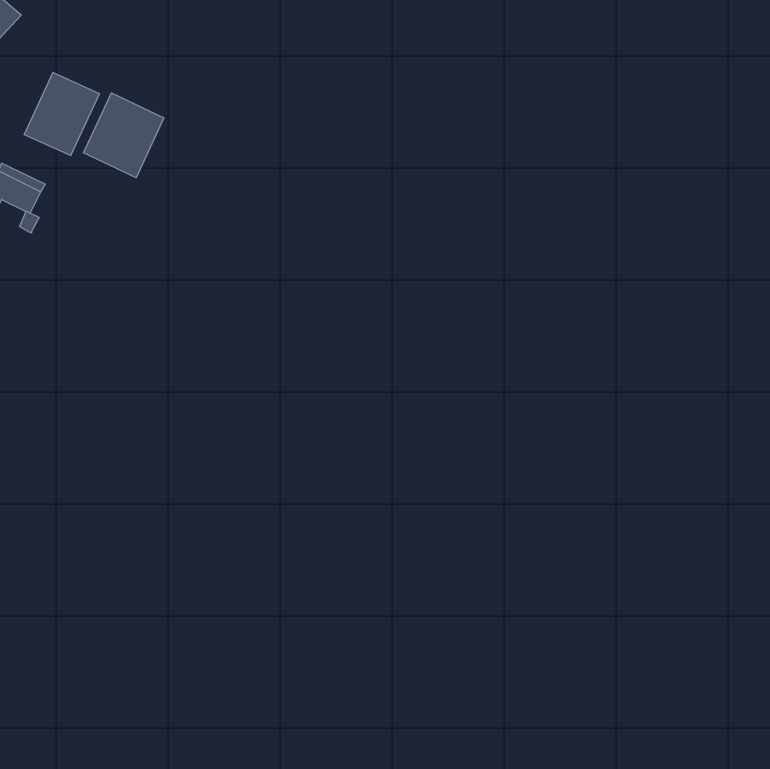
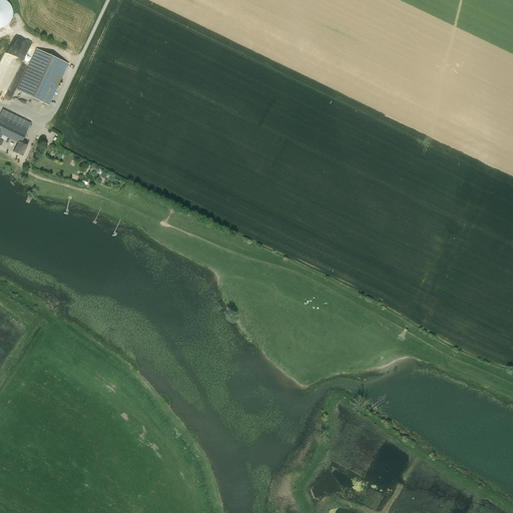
building: [84,93,164,178] -> none

